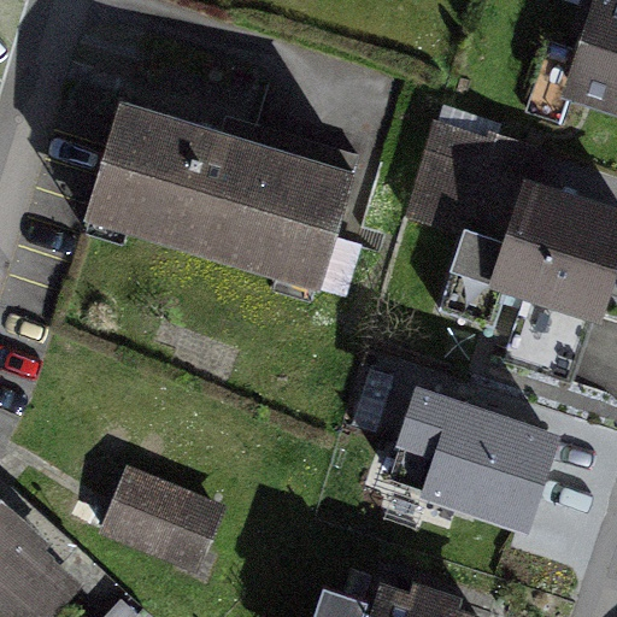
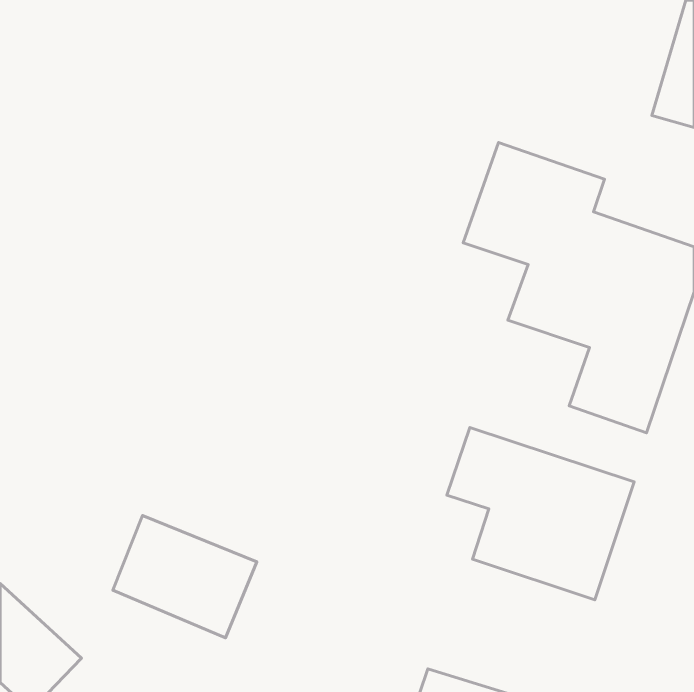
building: [87,104,358,289] -> none

